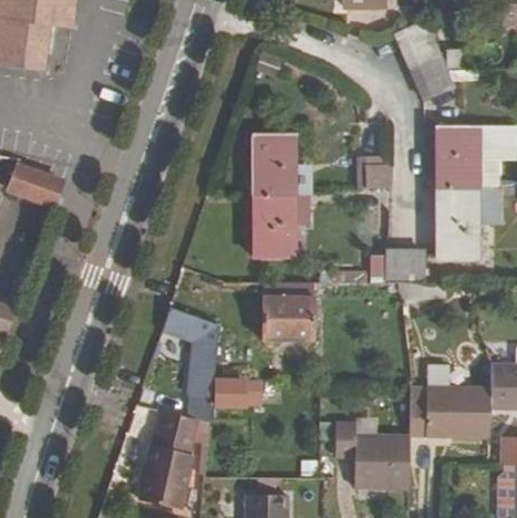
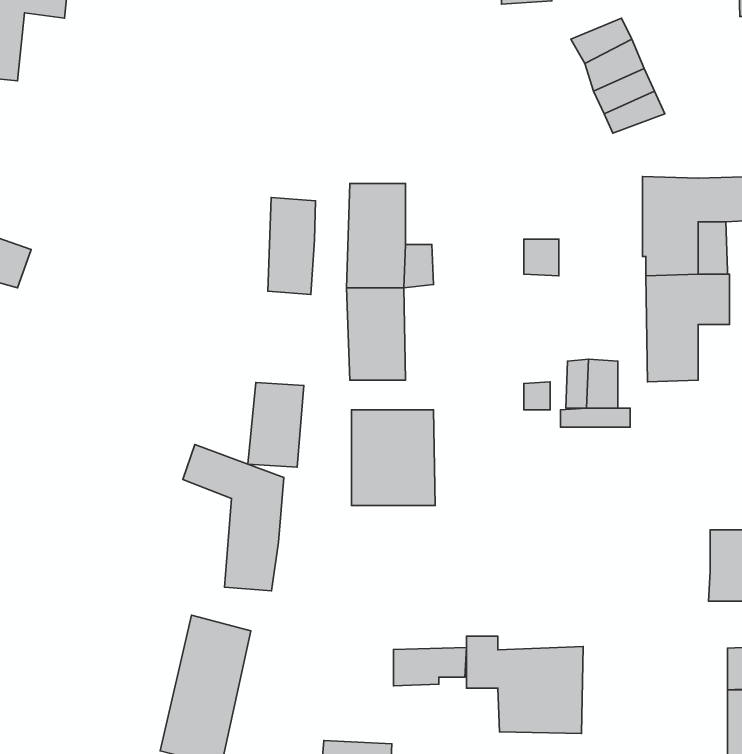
building: none -> [268,198,315,294]
building: none -> [248,383,304,467]
building: [214,375,260,400] -> [393,648,467,686]
building: [406,384,488,432] -> none

